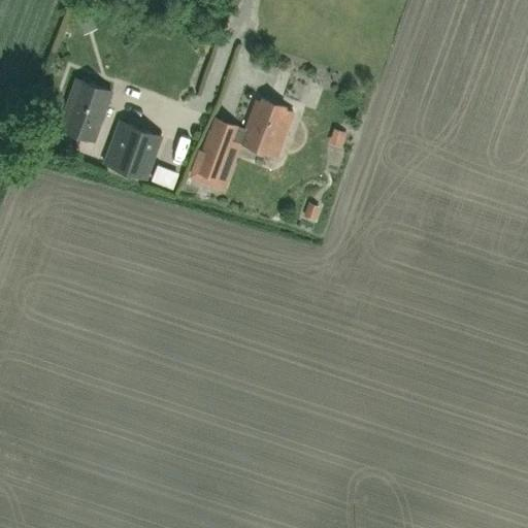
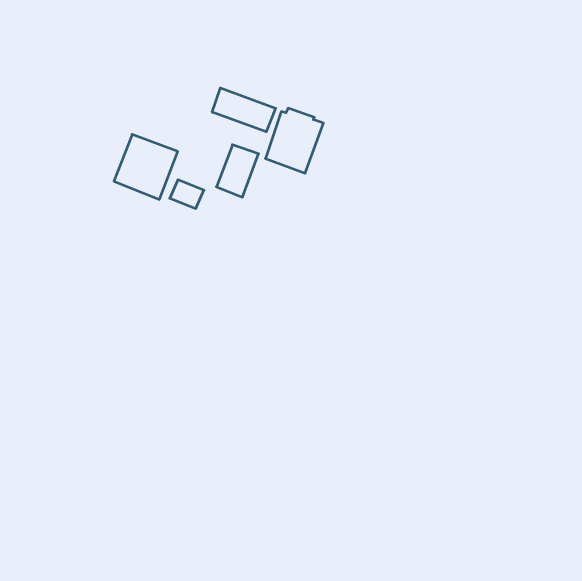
building: [59,79,111,141] -> none
building: none -> [212,88,276,132]

